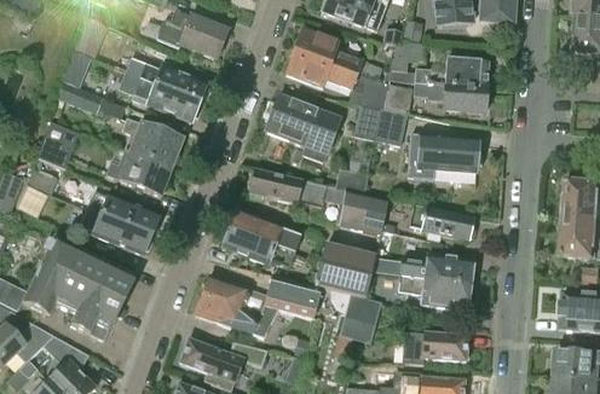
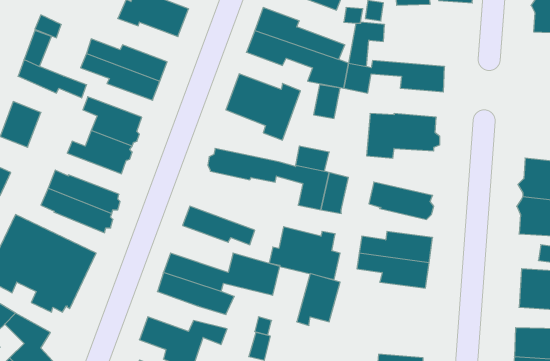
building: [412,59,488,87] -> none
building: [374,109,406,145] -> none
building: [229,209,300,251] -> none
building: [400,331,467,364] -> none

